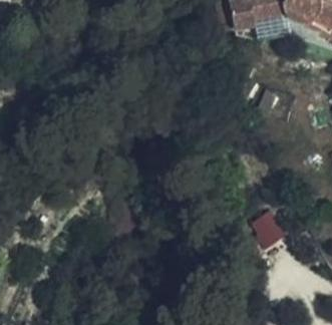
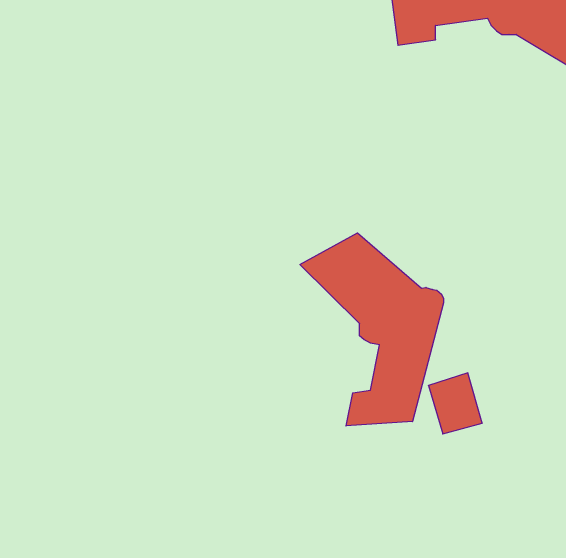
building: none -> [300,233,444,426]

